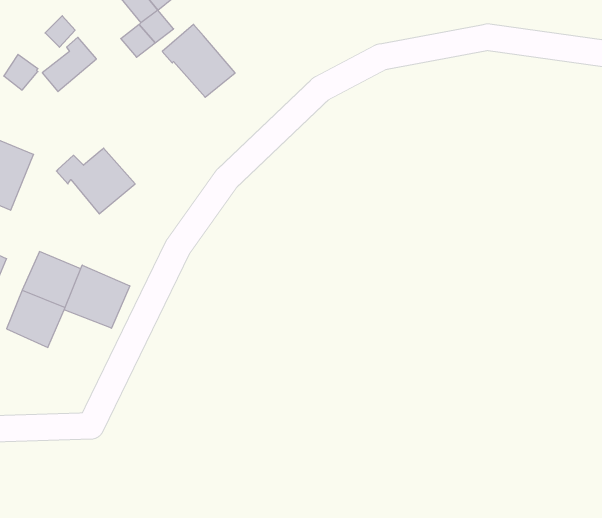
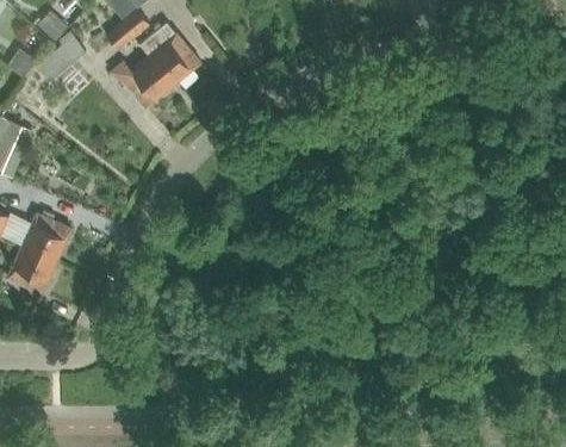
building: [56,148,135,214] -> [110,52,175,107]
building: [64,265,130,328] -> none

